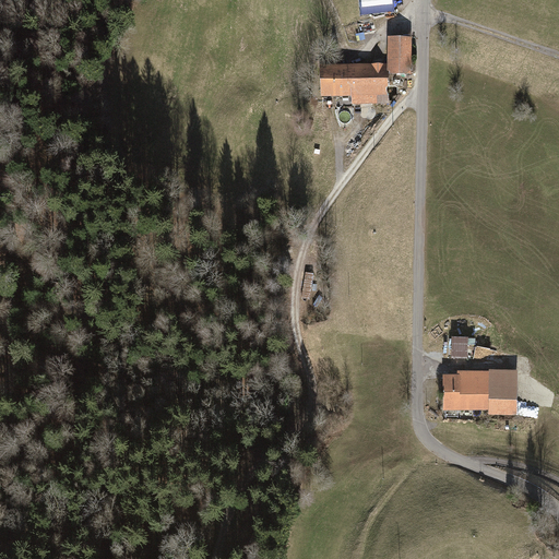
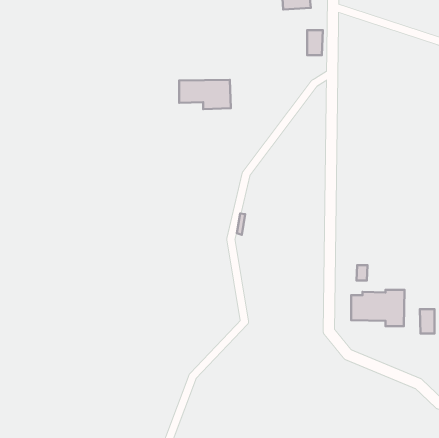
building: [321,64,386,102] -> [179,80,231,109]
building: none -> [420,309,434,334]

